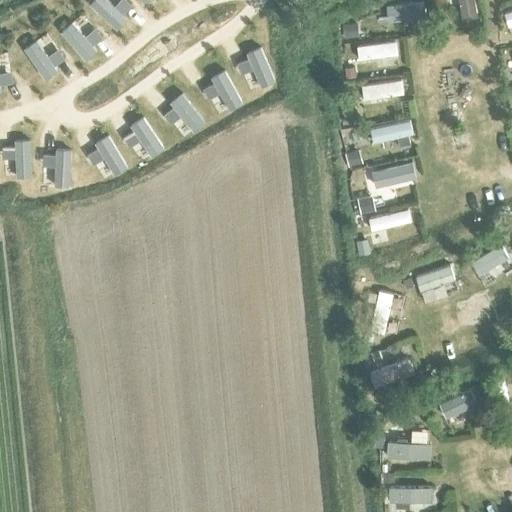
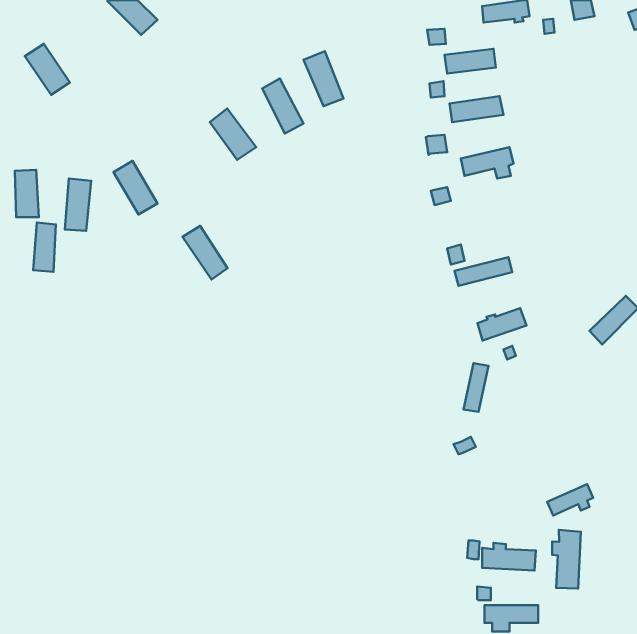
building: [59,20,97,60] -> none
building: [128,114,164,157] -> [183,226,228,279]
building: [363,165,404,189] -> none
building: none -> [33,223,56,272]
building: [415,266,454,292] -> [478,308,526,341]
building: [375,360,414,386] -> none
building: none -> [552,530,581,589]

